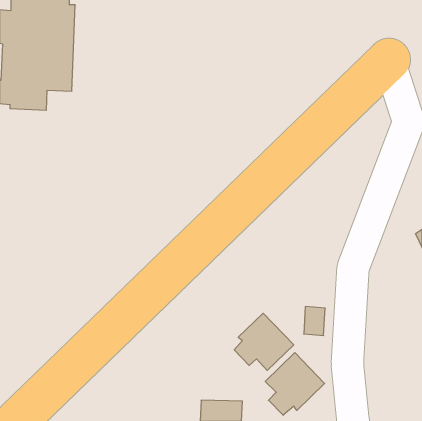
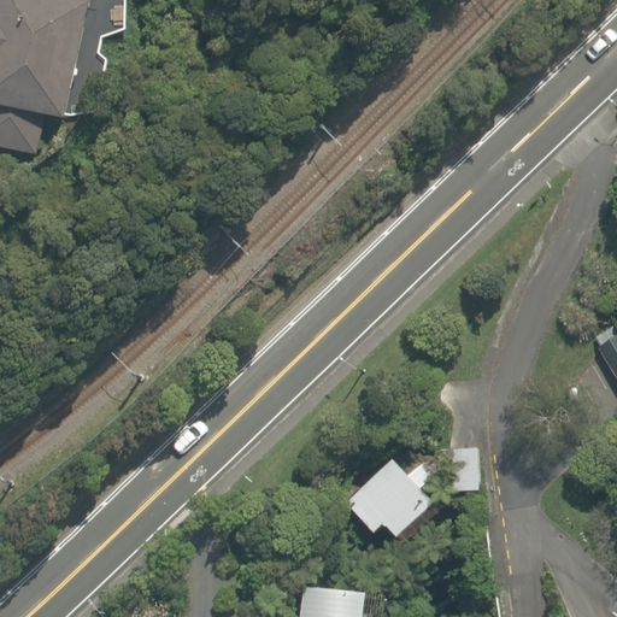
building: [265,353,325,415] -> none

